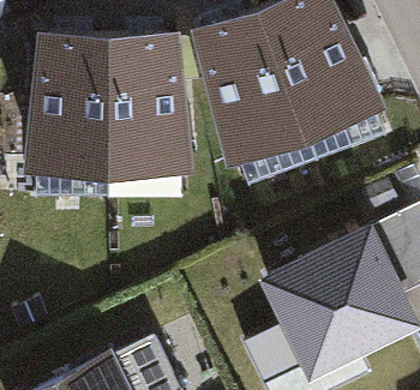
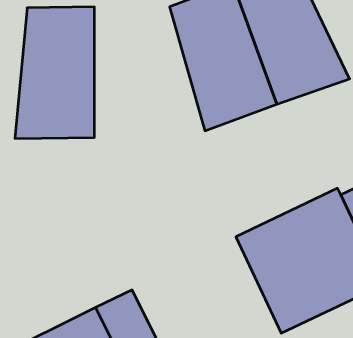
building: [108,28,193,169] -> none

